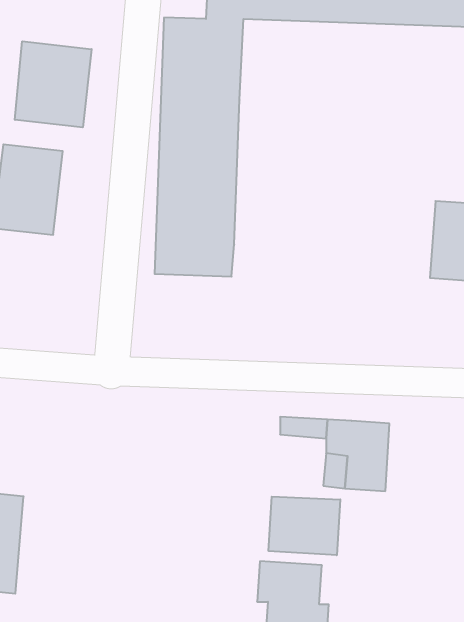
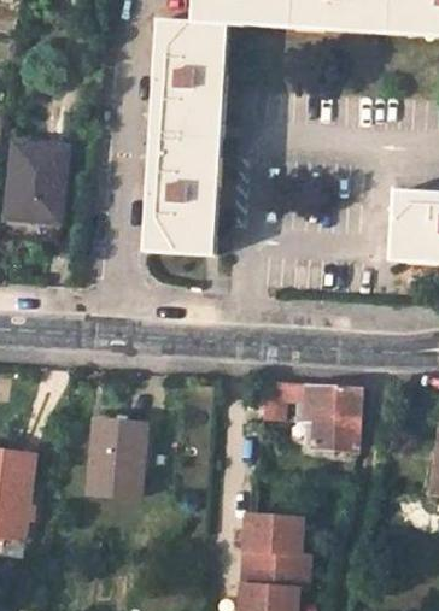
building: [15,41,92,127] -> none
building: none -> [84,419,142,499]
building: [269,497,340,555] -> none

